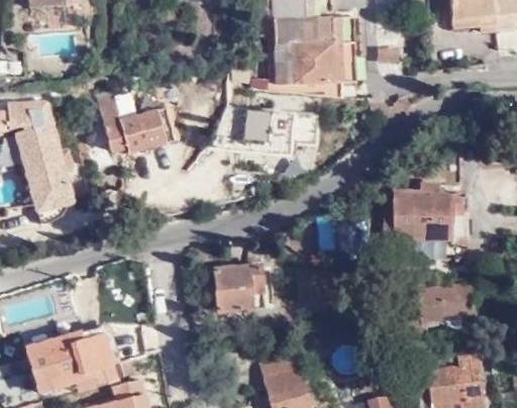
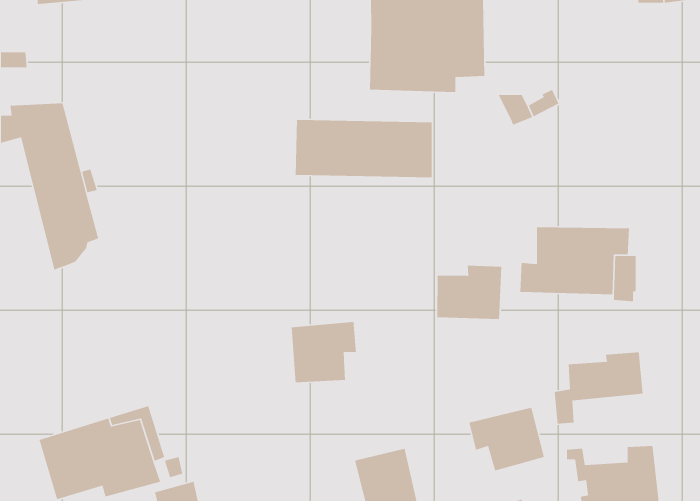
building: [86,95,165,156] -> none
building: none -> [437,265,502,320]
building: none -> [468,407,545,472]

